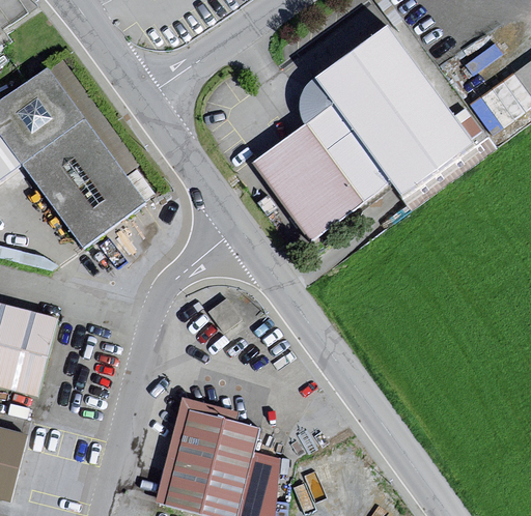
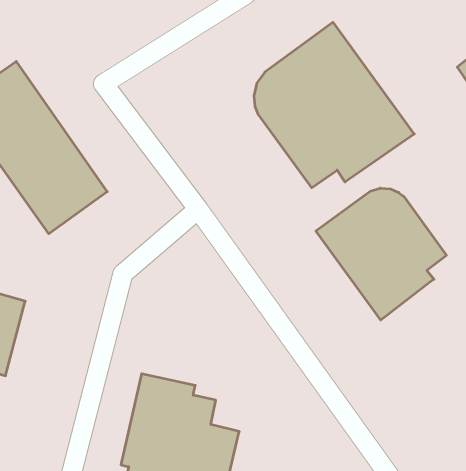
building: [251,122,361,238] -> none
building: none -> [316,188,446,320]

